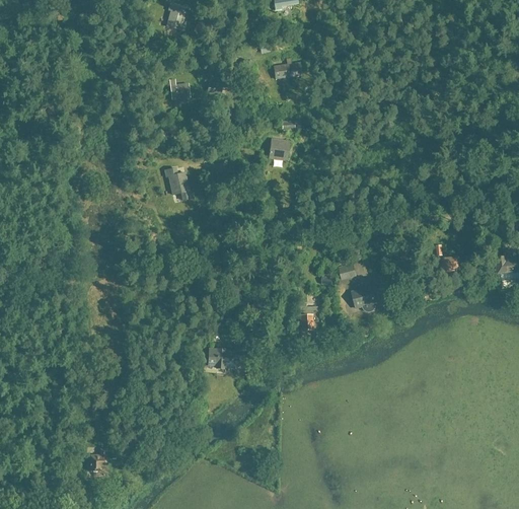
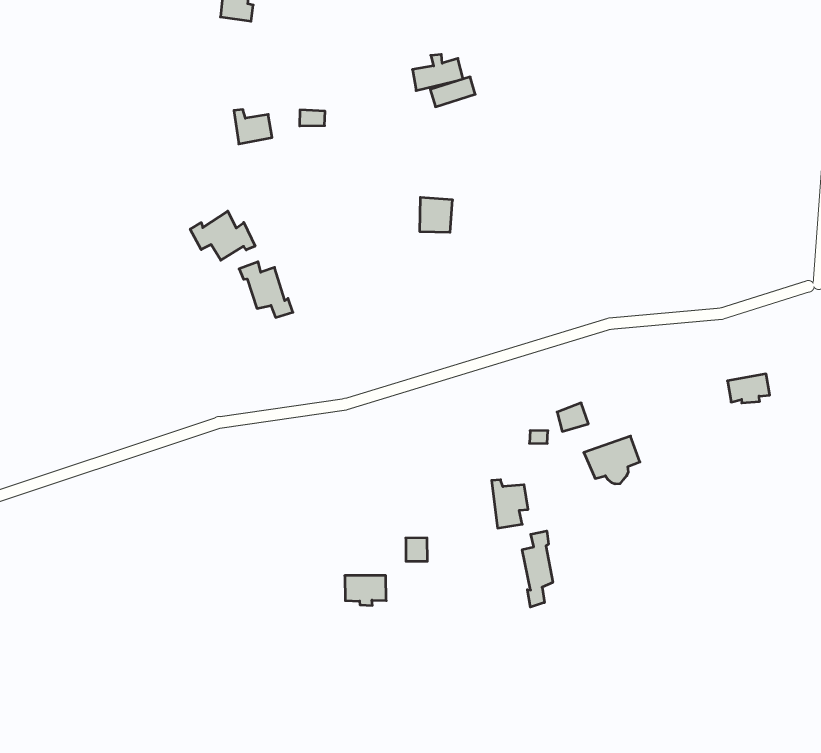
building: none -> [190,211,255,260]
building: none -> [522,531,553,607]

